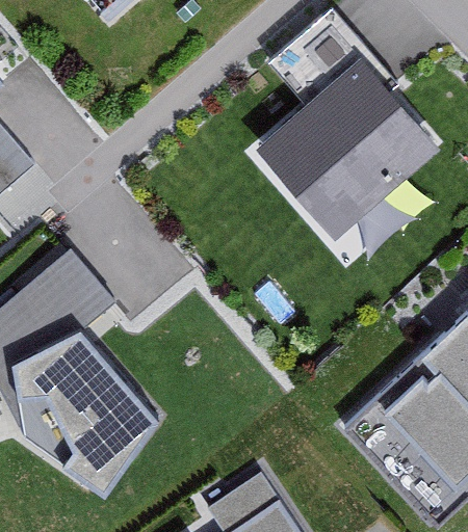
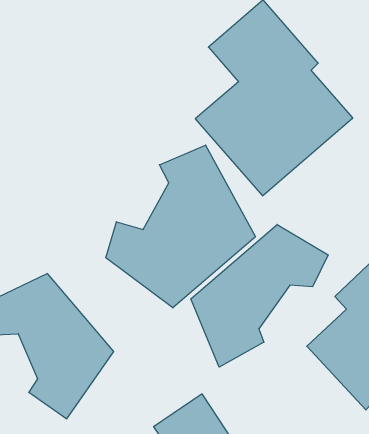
building: none -> [106,145,255,308]
building: none -> [191,224,328,367]

